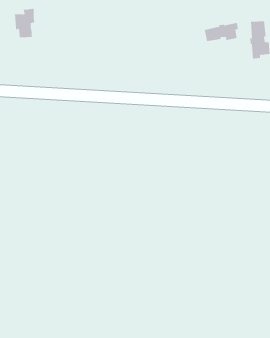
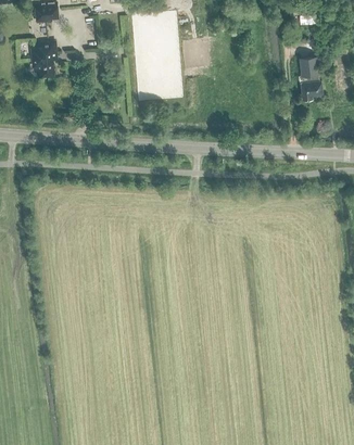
building: [204,22,238,42] -> none

